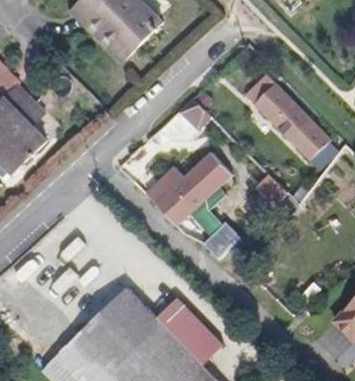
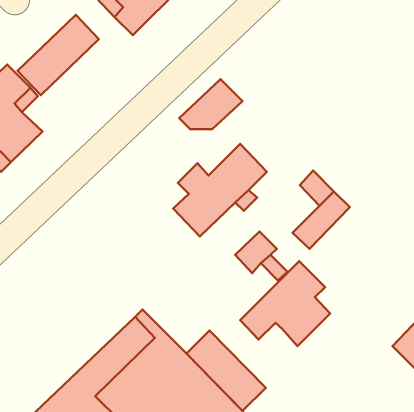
building: none -> [18,15,99,95]
building: [244,73,331,161] -> none
building: none -> [240,261,330,346]

